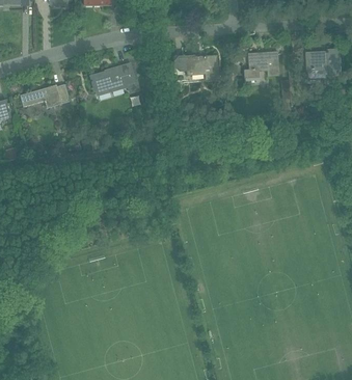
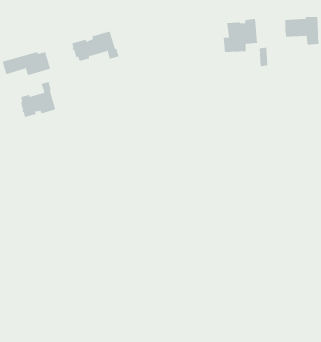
building: [175,54,219,80] -> none
building: none -> [20,81,56,118]

